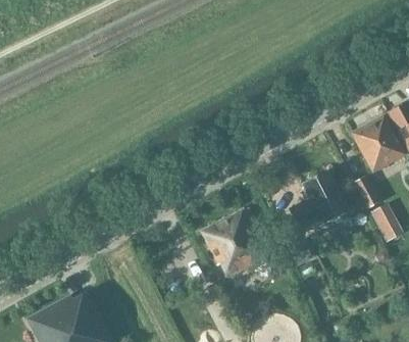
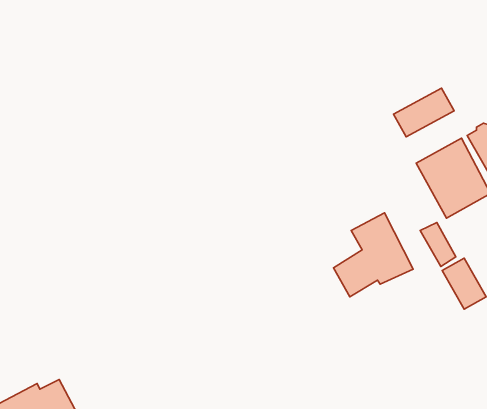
building: none -> [394,88,454,137]
building: [200,209,271,278] -> none

